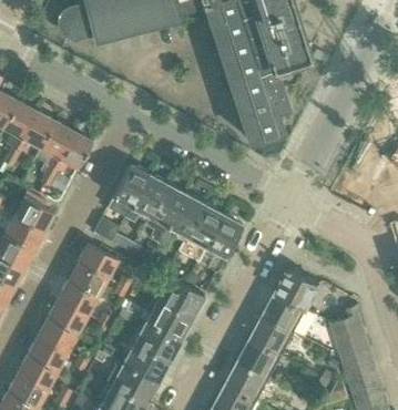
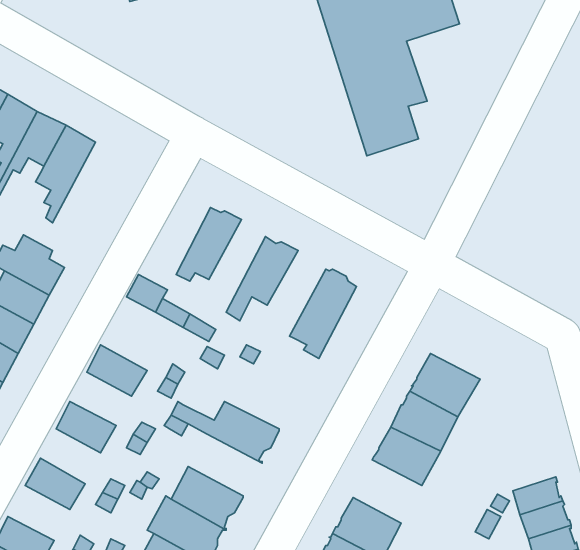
building: [44,134,91,188] -> none
building: [105,166,146,219] -> none
building: [143,184,182,244] -> none
building: [183,204,221,270] -> none
building: [75,245,115,281] -> none
building: [155,279,203,319] -> none
building: [55,283,95,317] -> none
building: [330,308,369,359] -> none
building: [37,319,75,355] -> none
building: [132,322,180,362] -> none
building: [238,339,283,380] -> none
building: [16,356,55,391] -> none

